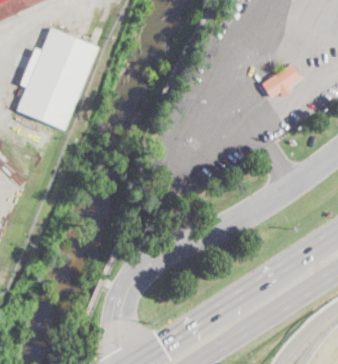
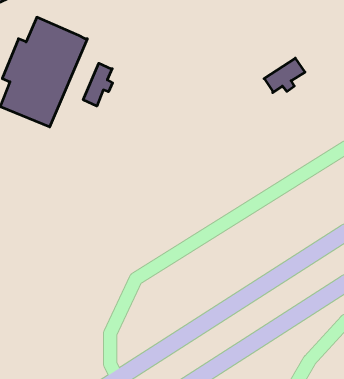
building: none -> [83,63,113,106]

